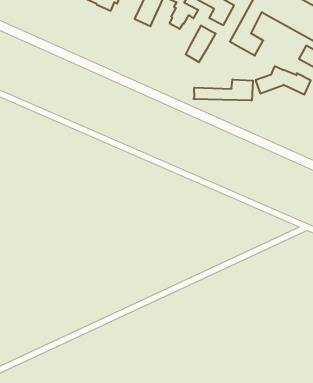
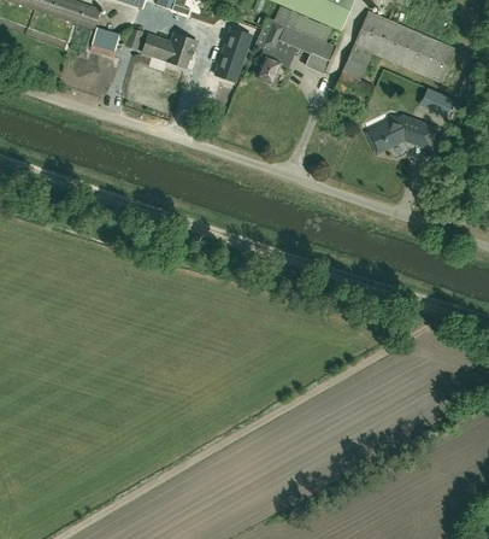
building: [186,25,216,62] -> none
building: [193,79,253,101] -> none

